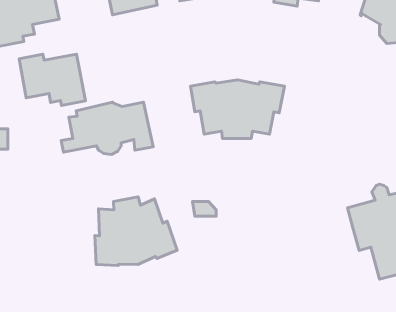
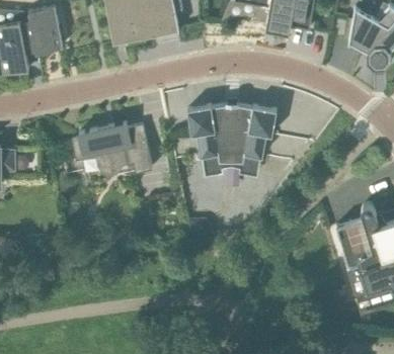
building: [19,54,85,105] -> none
building: [95,197,177,266] -> none

